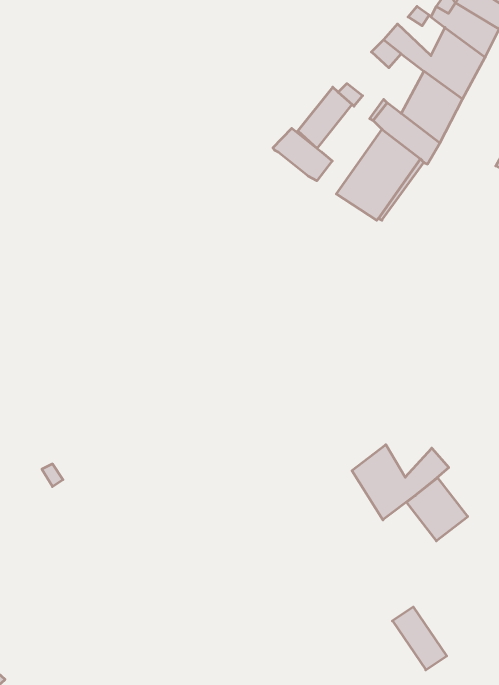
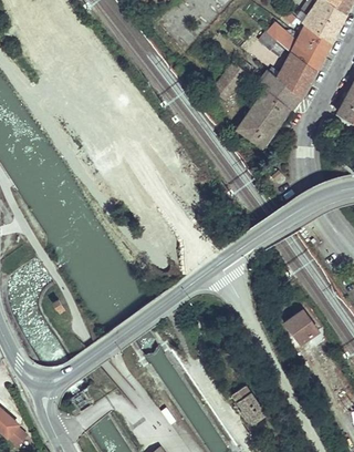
building: [273,128,332,181] -> none
building: [352,445,449,520] -> none
building: [392,607,447,670] -> [232,386,267,425]

